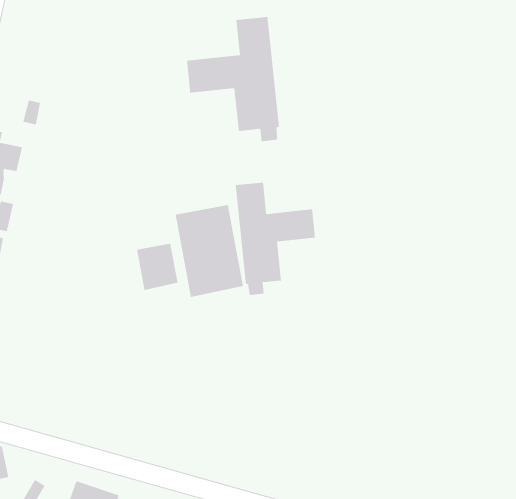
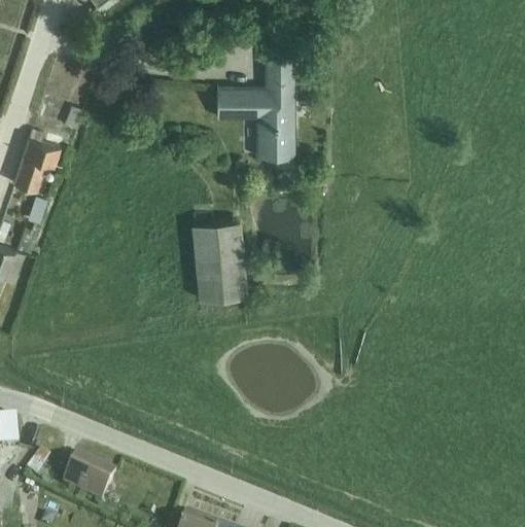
building: [235,182,315,296] -> none
building: [136,243,178,291] -> none

